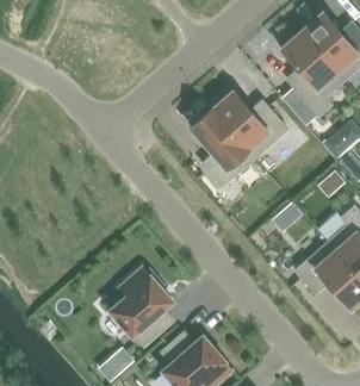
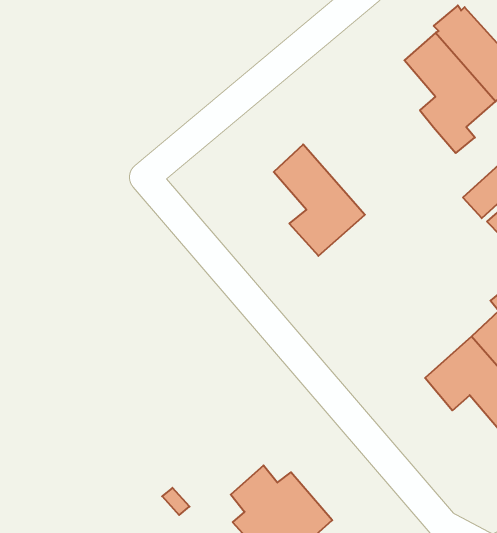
building: [211,89,287,157] -> none
building: [110,267,173,345] -> none

